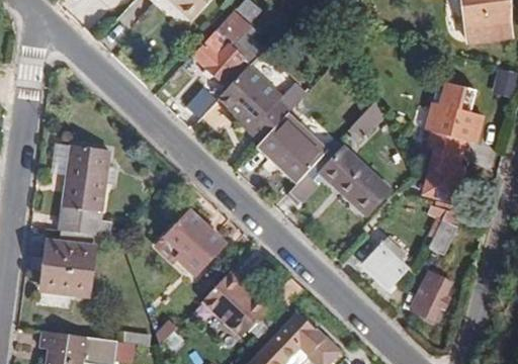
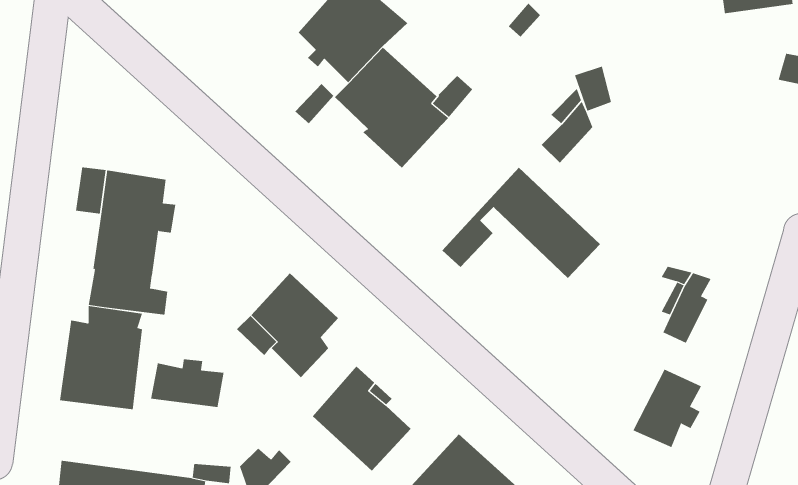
building: [422,82,483,202] -> none
building: [258,115,336,182] -> none
building: [362,254,409,288] -> none
building: none -> [150,359,224,408]

